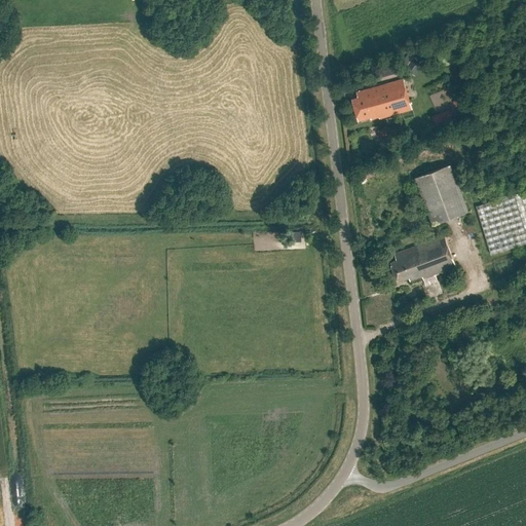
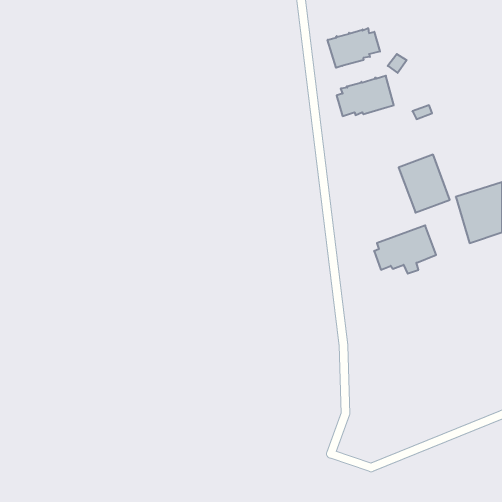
building: none -> [328,28,380,68]

